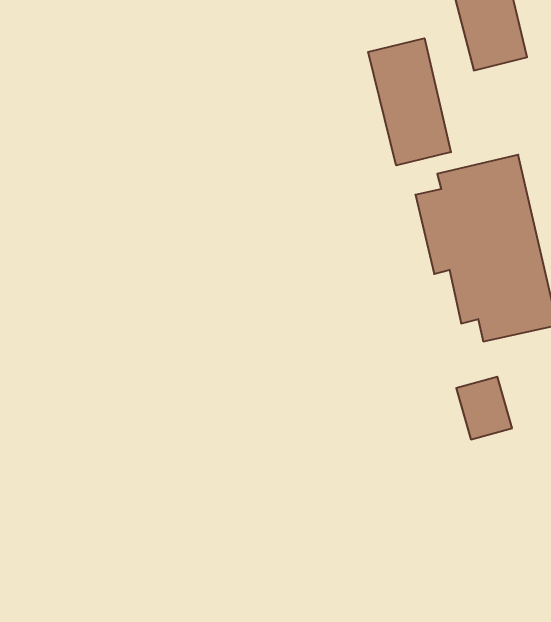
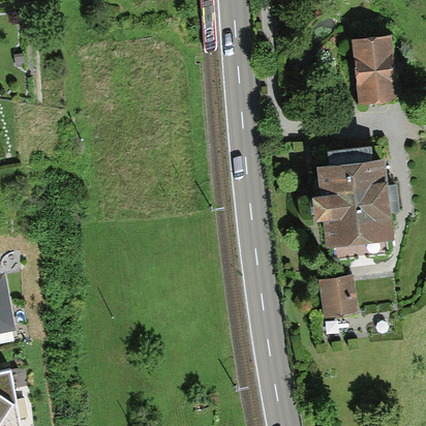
building: [368,38,451,165] -> none

